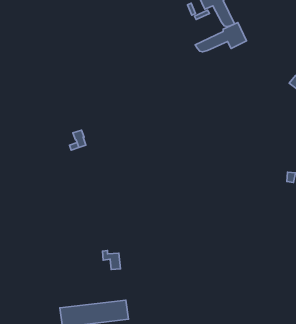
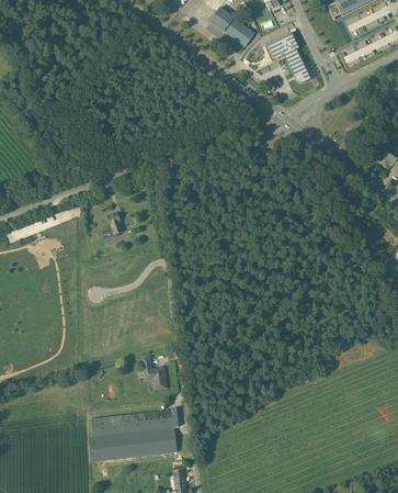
building: [195,22,247,52] -> none
building: none -> [91,410,173,436]

